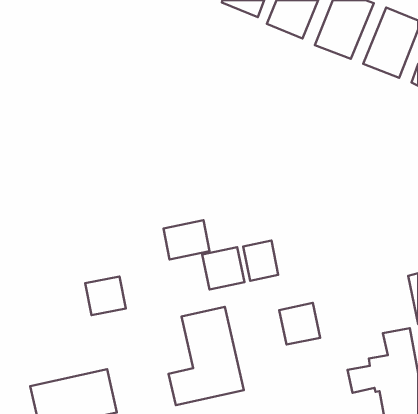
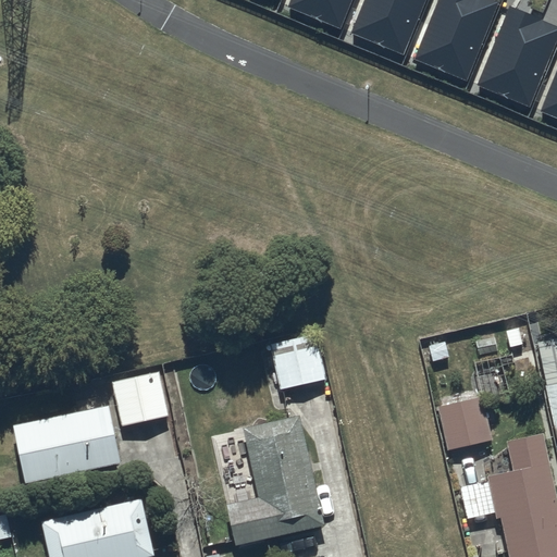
building: [163,220,210,259] -> none
building: [243,240,278,281] -> none
building: none -> [12,403,120,480]
building: [279,303,320,344] -> [438,396,493,451]

